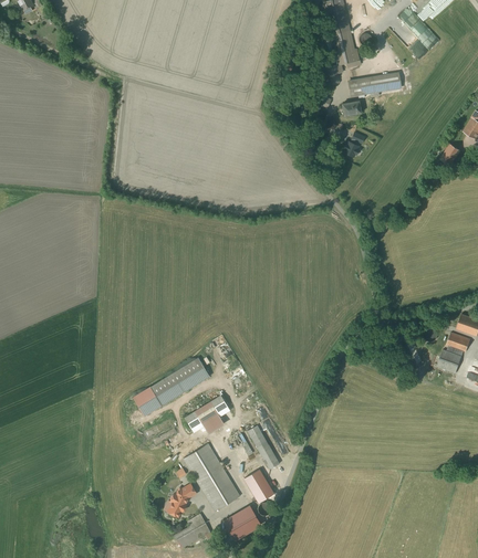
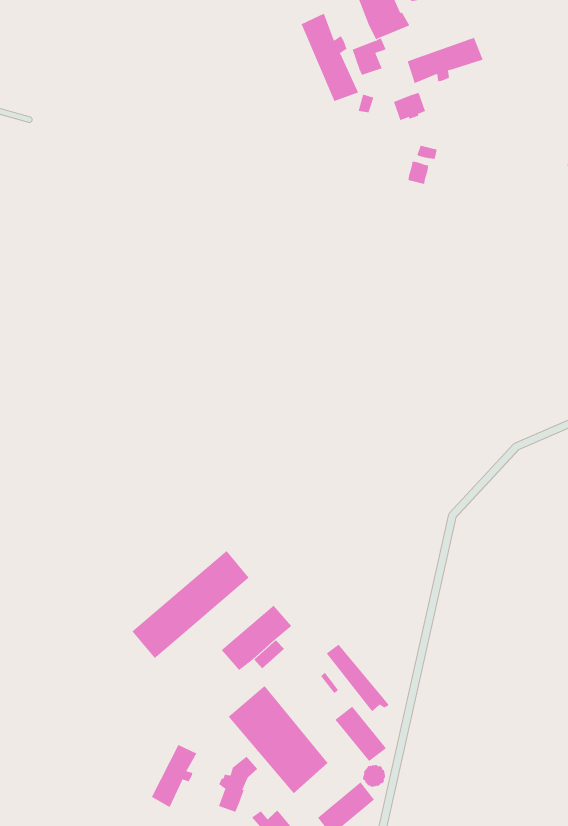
building: none -> [301,13,359,102]
building: none -> [151,744,197,808]

